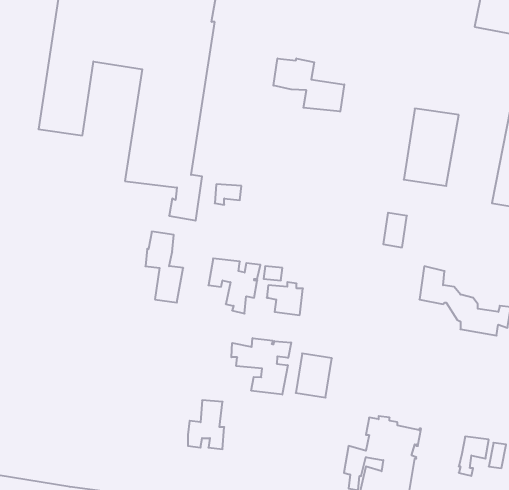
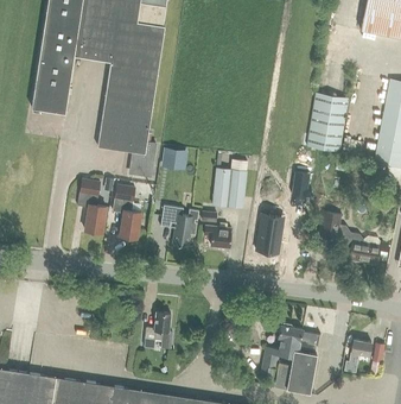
building: [273,58,344,112] -> none
building: none -> [212,168,247,209]
building: none -> [77,179,106,233]
building: [231,338,291,395] -> none
building: [296,353,332,398] -> [255,221,282,254]

